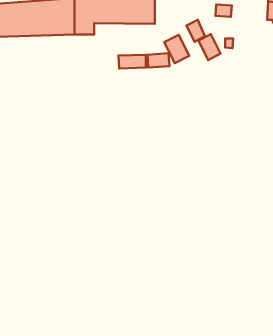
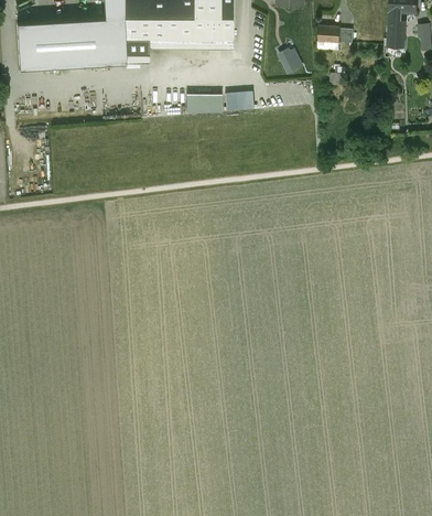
building: [198,34,220,60] -> none
building: [164,35,189,63] -> none

